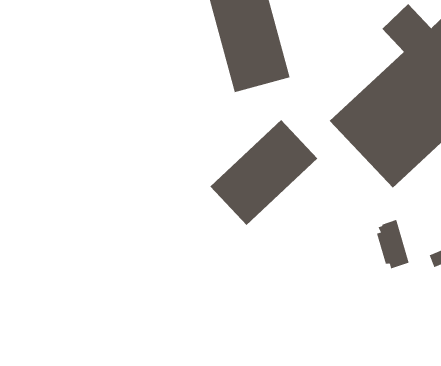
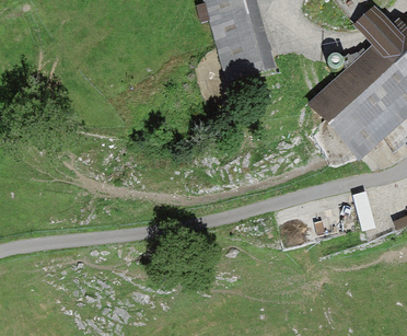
building: [210,119,318,226] -> none

